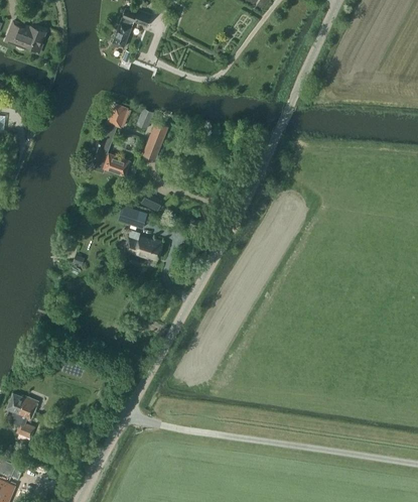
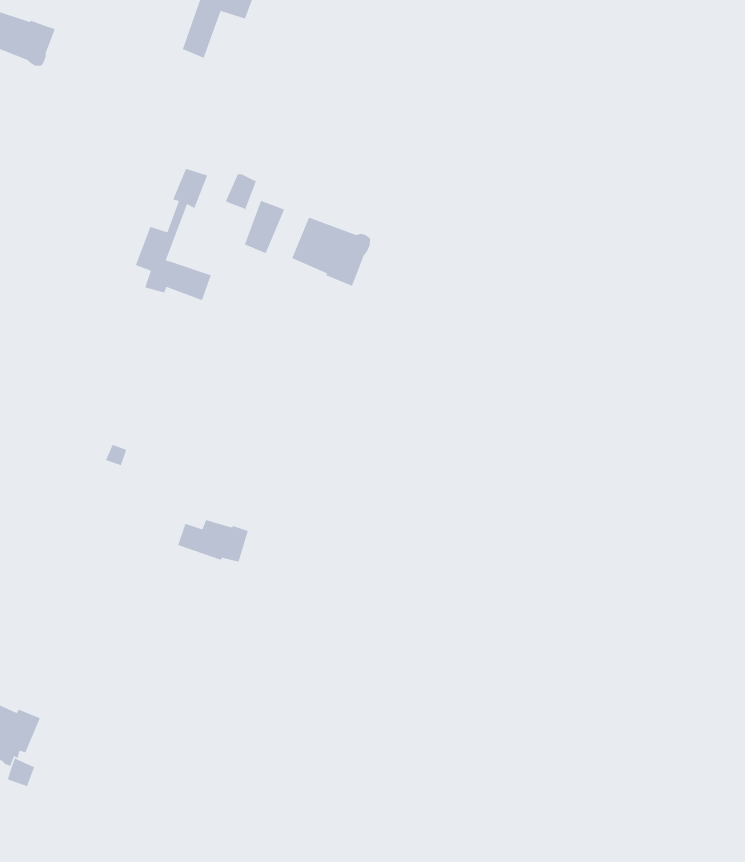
building: none -> [291,212,371,287]
building: [116,207,147,230] -> none
building: [124,236,162,259] -> [177,519,249,562]

